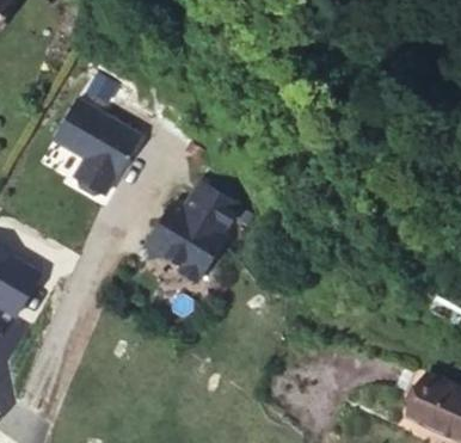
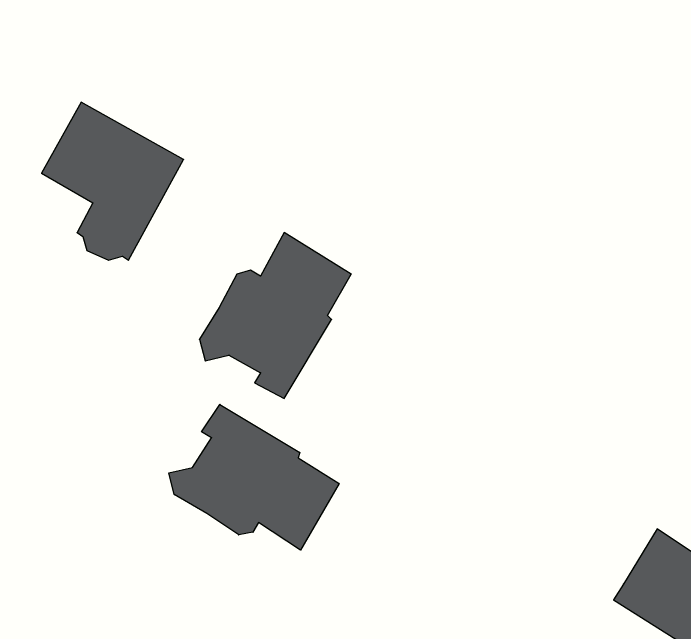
building: none -> [169,404,339,550]

